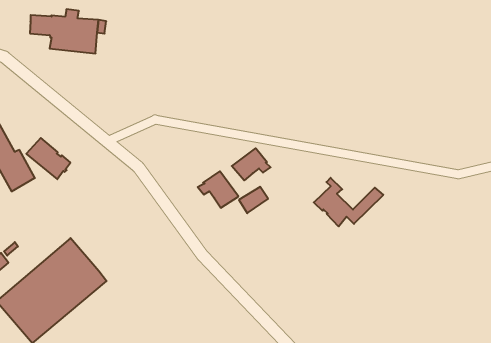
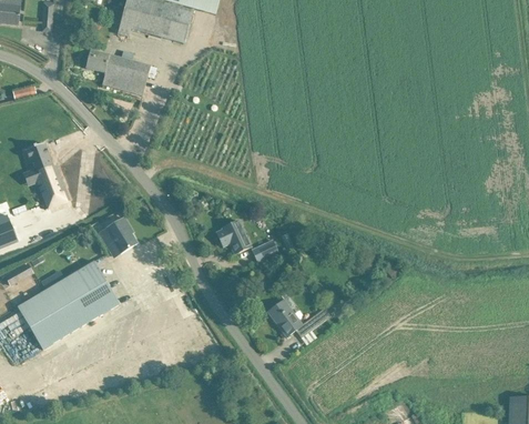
building: [232,148,271,180] -> none
building: [314,178,383,226] -> [266,292,330,337]
building: none -> [104,218,135,253]

